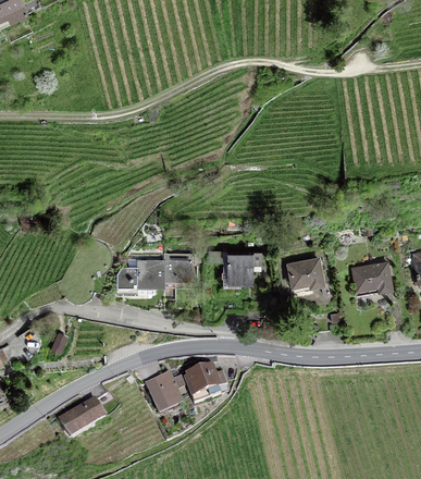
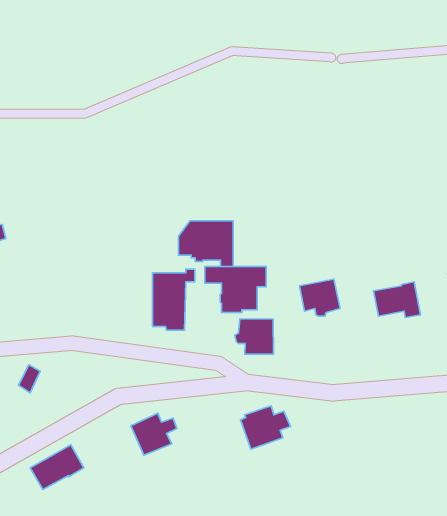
building: [117,259,164,298] -> [178,221,233,267]
building: none -> [235,319,274,354]
building: [185,366,227,403] -> [241,406,290,449]

